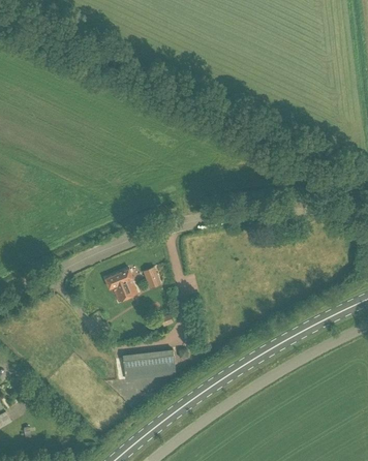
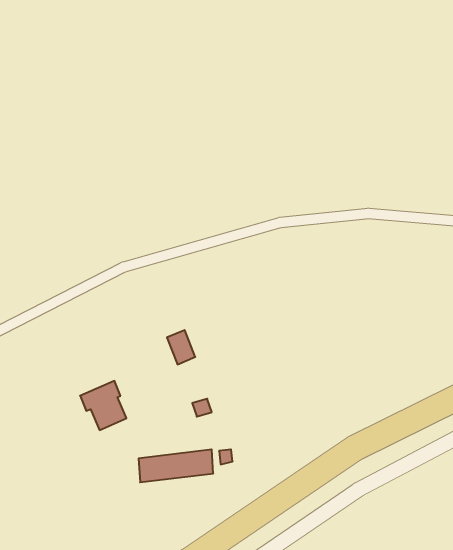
building: [105,268,137,302] -> [80,381,126,430]

